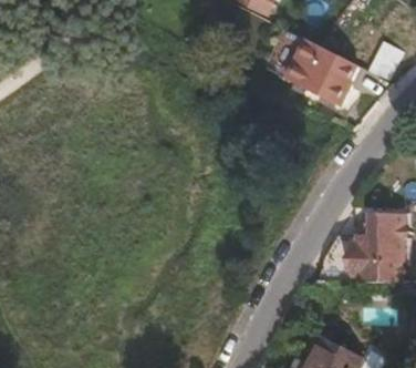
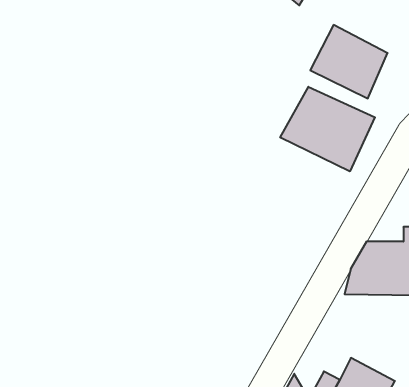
building: none -> [280,87,375,171]

